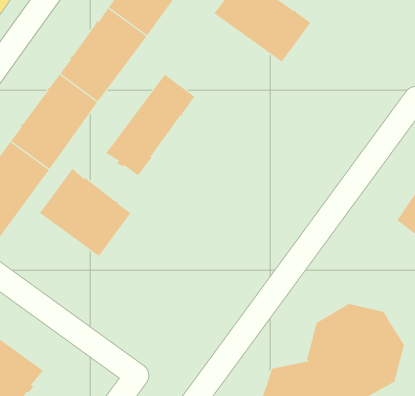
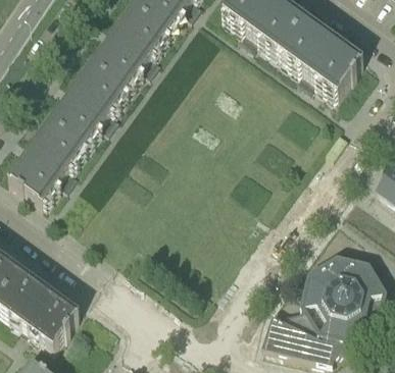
building: none -> [281,19,363,95]
building: [106,74,195,176] -> none
building: [39,168,131,257] -> none

